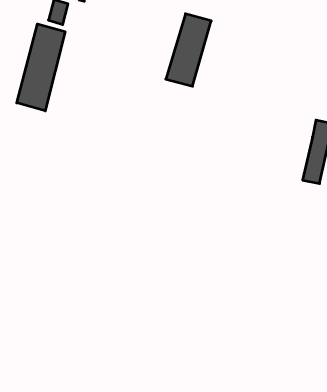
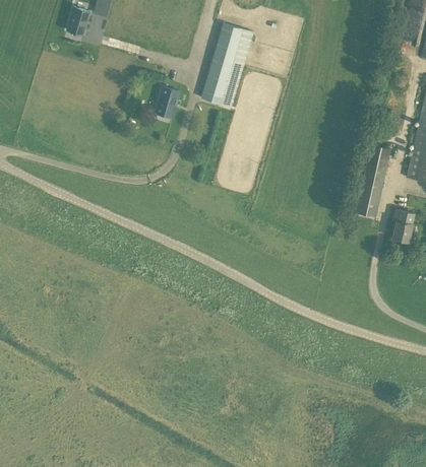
building: [17,24,65,111] -> none
building: none -> [155,87,179,118]

